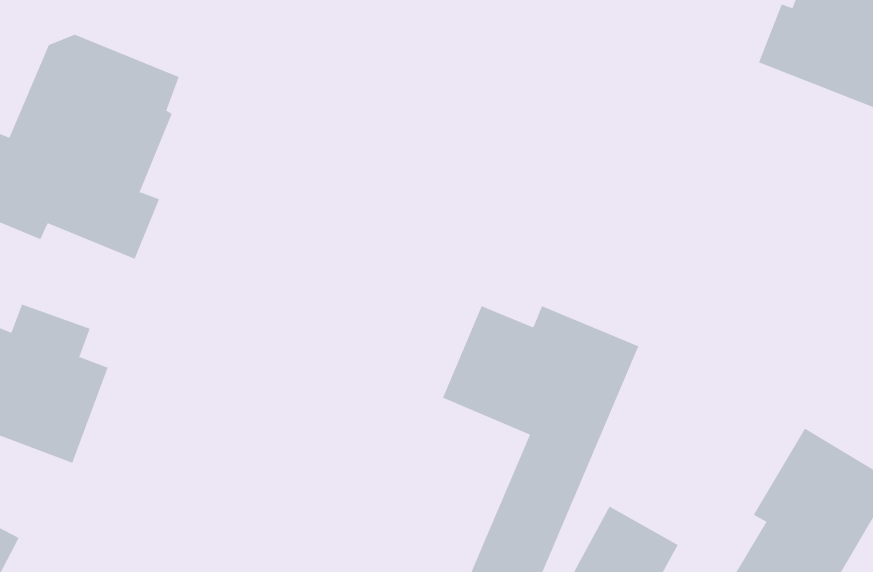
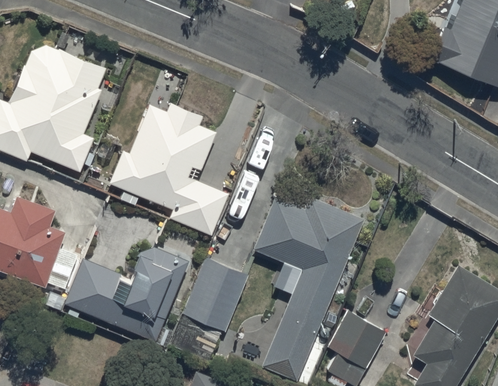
building: none -> [109,103,228,235]
building: none -> [64,247,189,341]
building: none -> [183,257,248,330]

